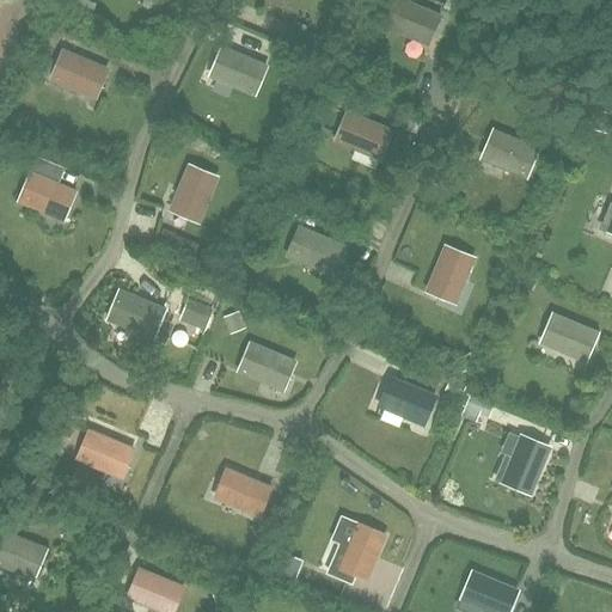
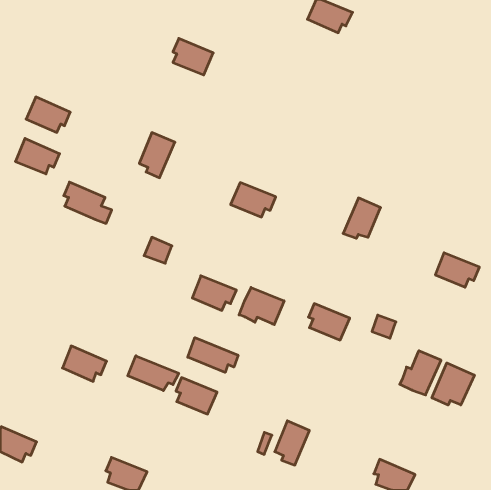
building: [51,50,106,94] -> [26,97,70,132]
building: [335,112,391,155] -> none
building: [486,130,538,177] -> none
building: [114,290,173,342] -> [64,182,112,223]
building: none -> [239,287,284,325]
building: none -> [188,338,238,372]
building: none -> [128,356,179,391]
building: none -> [432,363,474,405]

